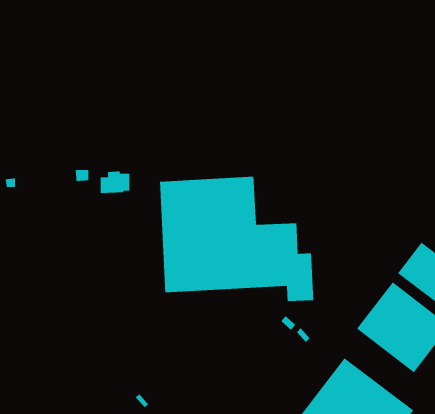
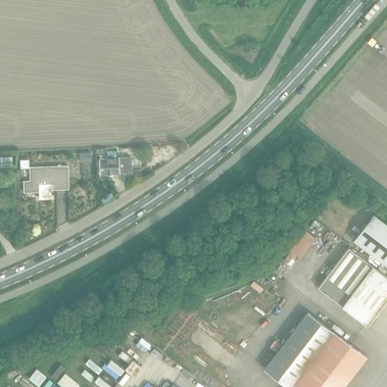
building: [159,176,314,302] -> none
building: none -> [23,166,68,197]

